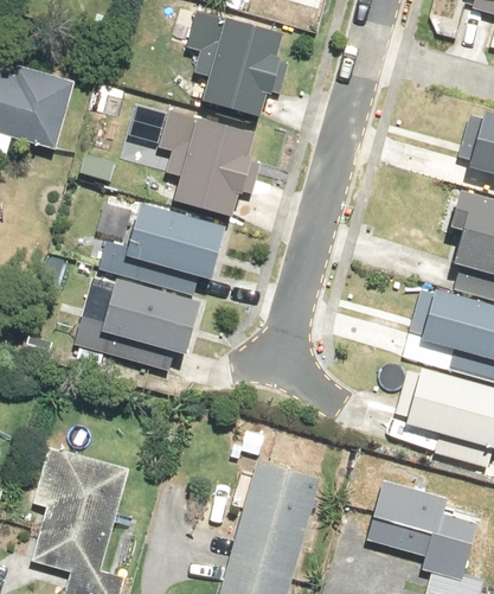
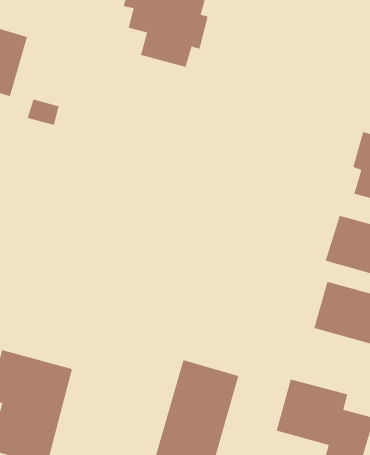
building: [161,108,258,217] -> none
building: [126,204,227,281] -> none
building: [104,276,207,355] -> none

